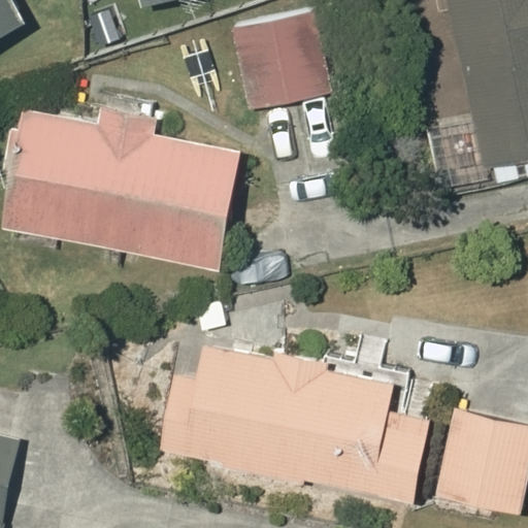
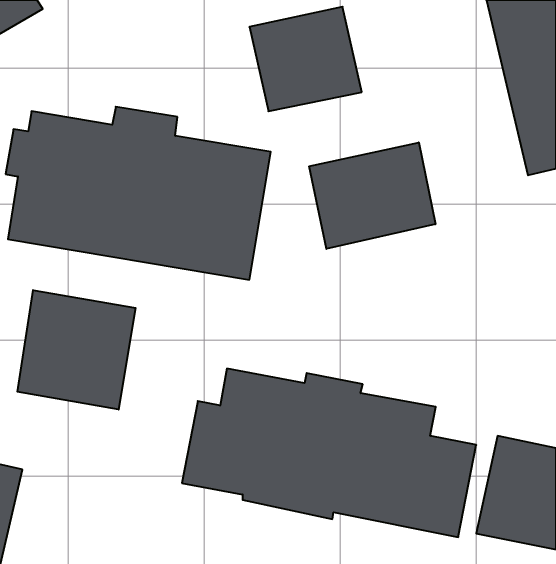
building: none -> [309,142,435,249]
building: none -> [17,290,136,410]

